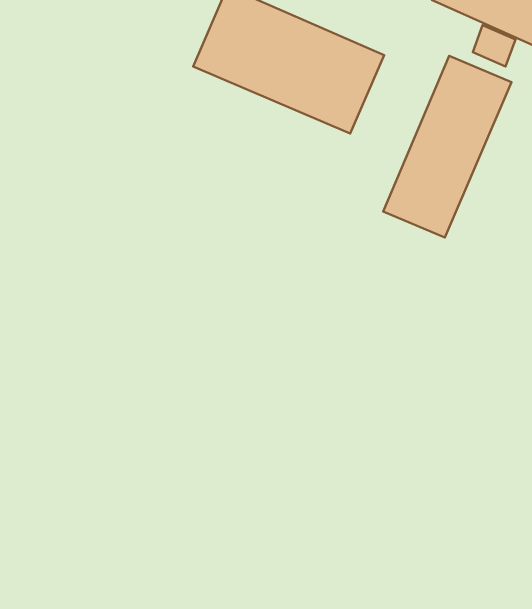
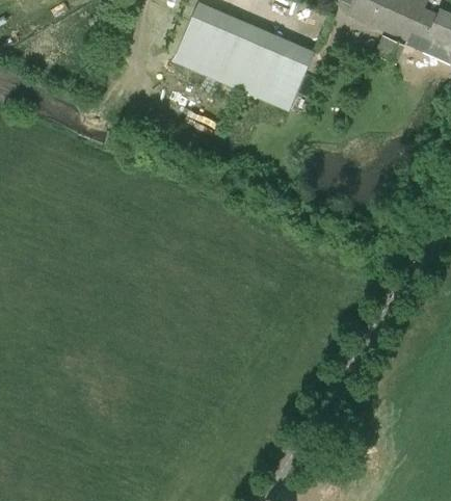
building: [383,56,511,237] -> none

